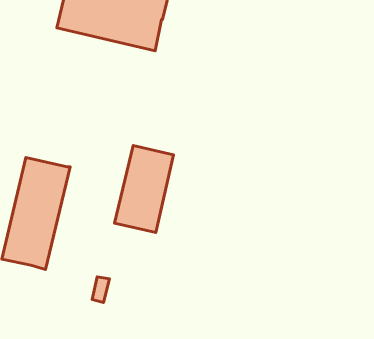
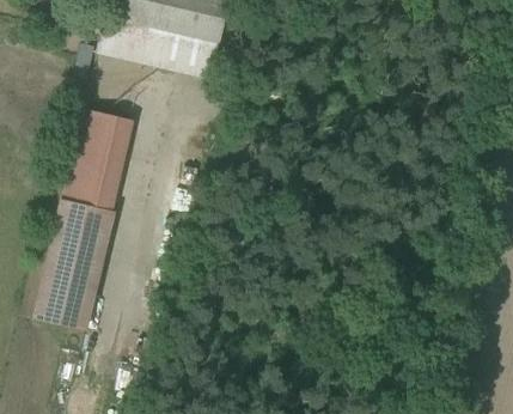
building: [114,146,173,233] -> [63,109,132,209]

